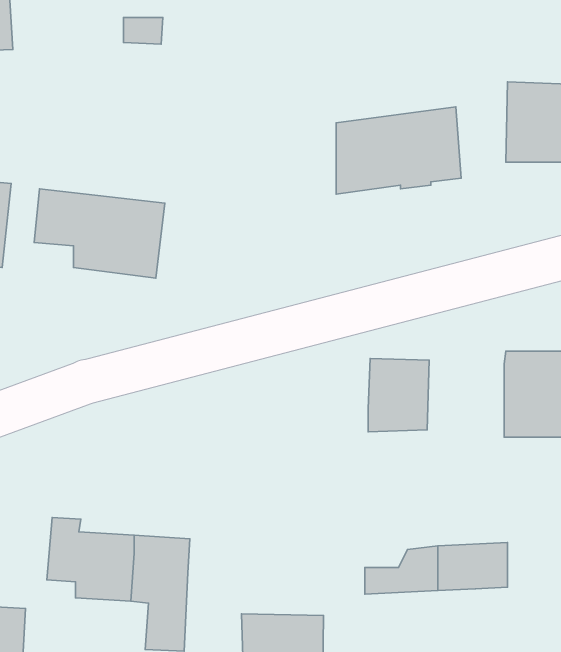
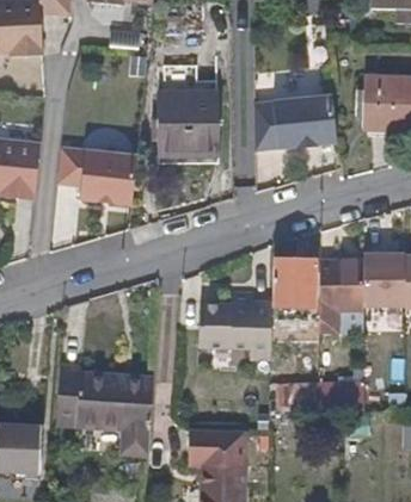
building: none -> [155,92,220,153]
building: none -> [320,262,363,334]
building: none -> [200,296,272,361]

